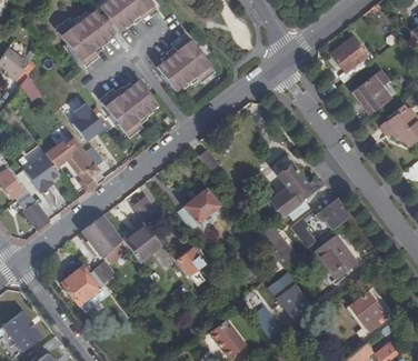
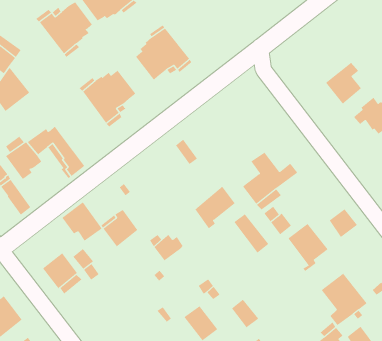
building: [331,38,372,83] -> none
building: [72,100,107,140] -> none
building: [176,188,218,232] -> [194,186,235,229]
building: [318,199,348,229] -> [329,209,358,238]
building: [267,273,299,310] -> none

